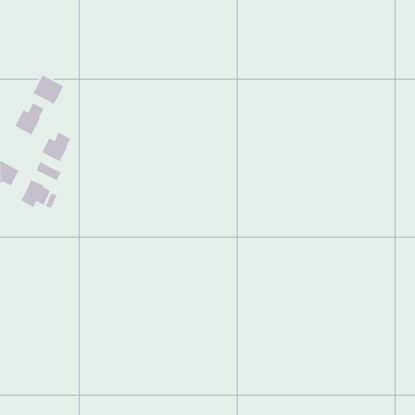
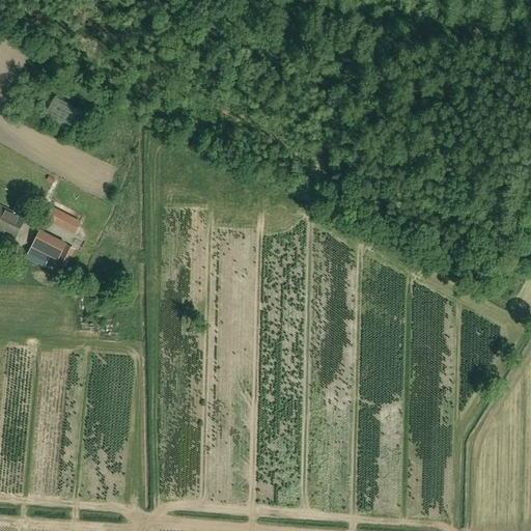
building: [15,102,44,136] -> none
building: [42,132,71,162] -> none

